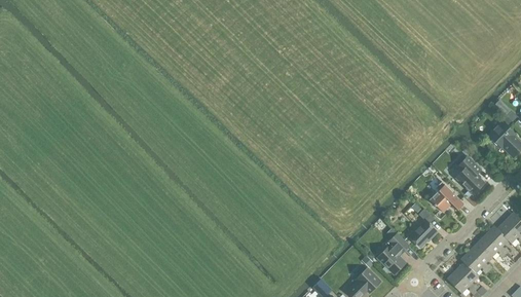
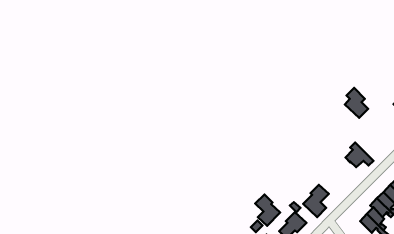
building: [456,156,485,193] -> [345,88,368,118]
building: [409,208,437,247] -> none
building: none -> [255,195,280,226]

